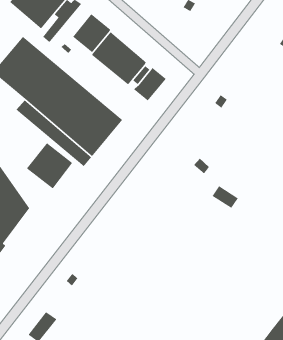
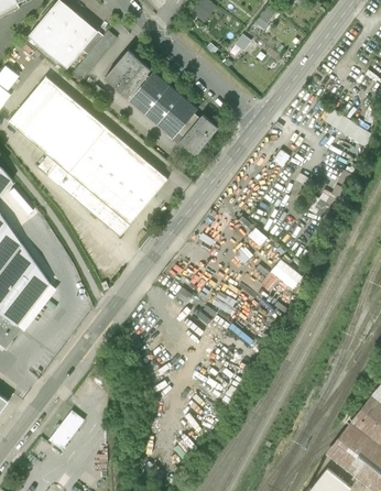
building: [26,142,73,189] -> none

